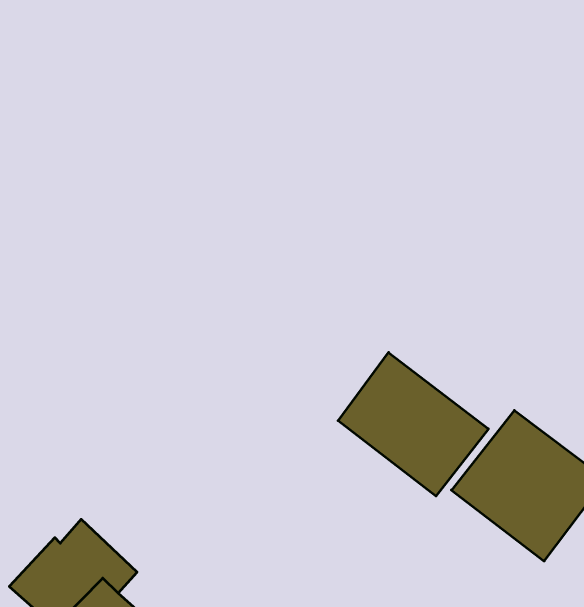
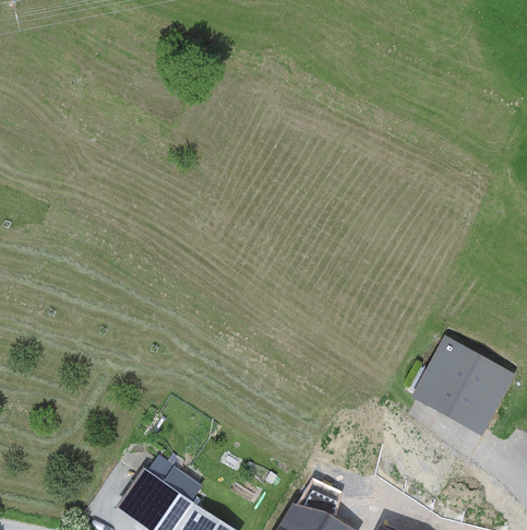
building: [338,352,488,496] -> none

